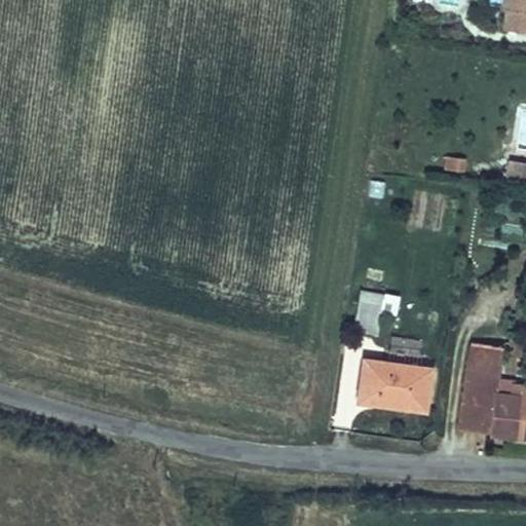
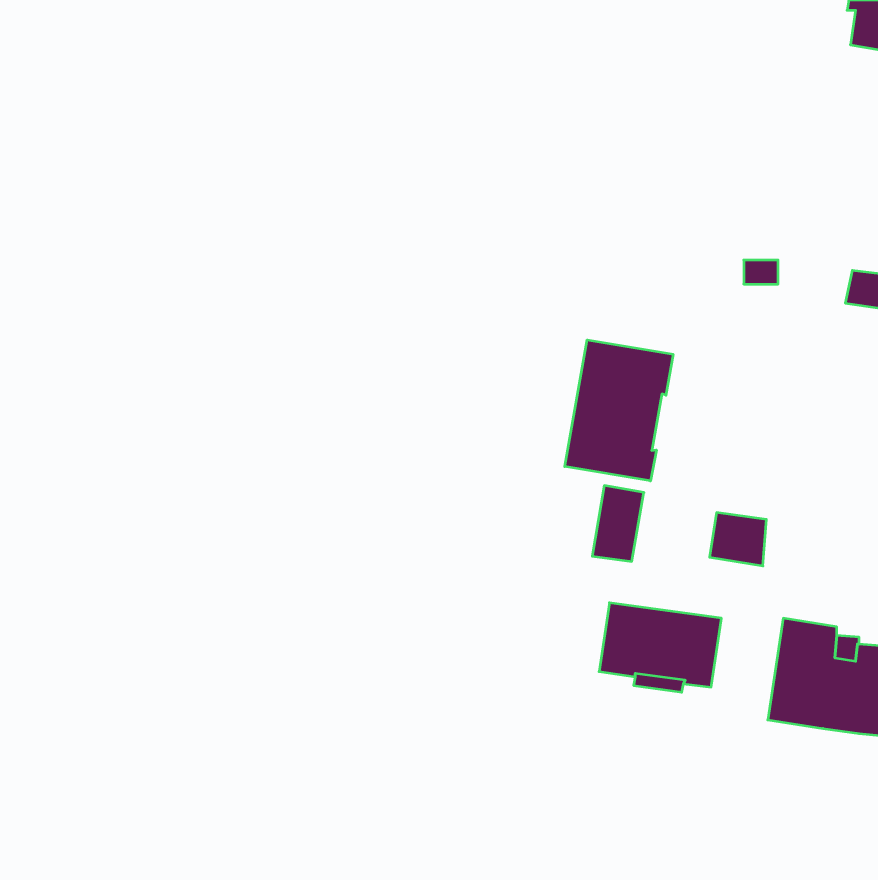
building: none -> [565,340,673,481]
building: [468,342,502,374] -> [710,513,766,566]

